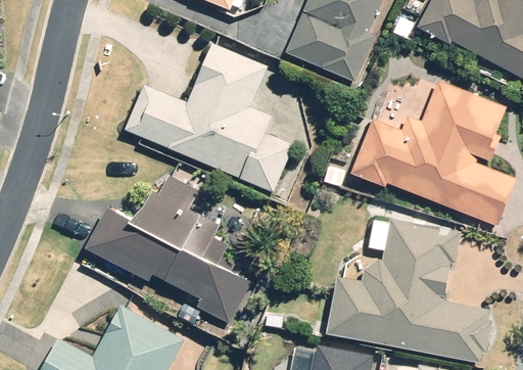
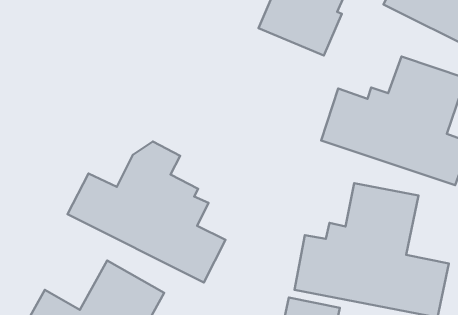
building: [128,42,294,192] -> none

